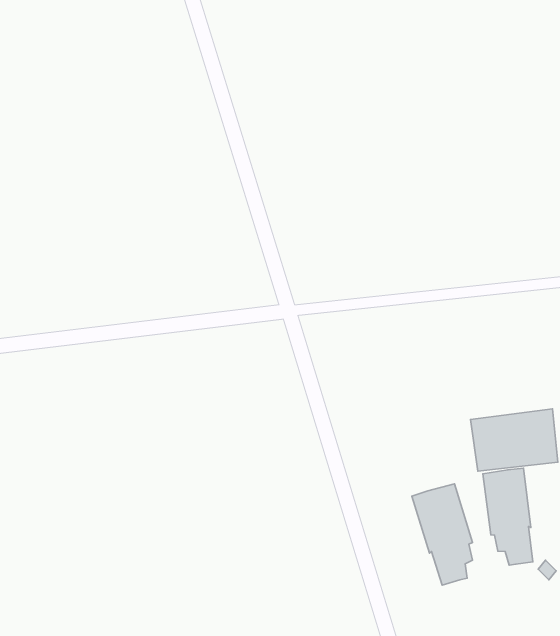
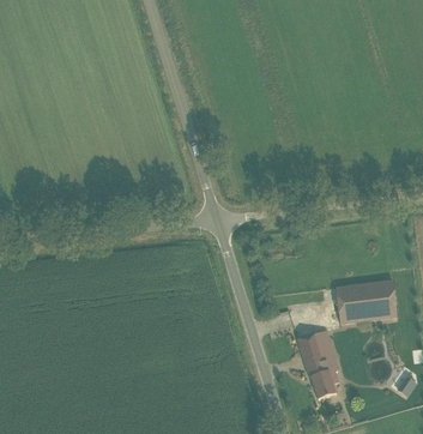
building: [483,468,533,565] -> none

